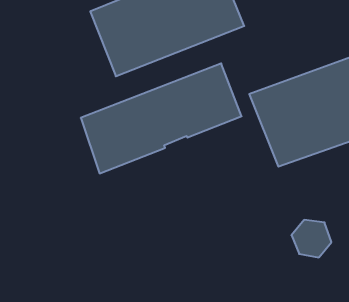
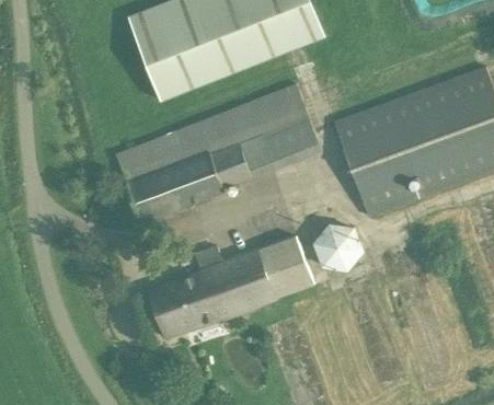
building: none -> [147,234,313,338]
building: [291,220,331,257] -> [312,222,364,270]

